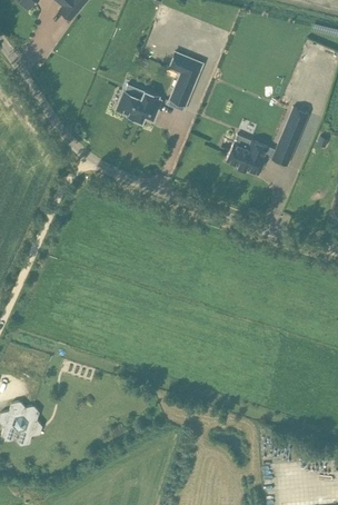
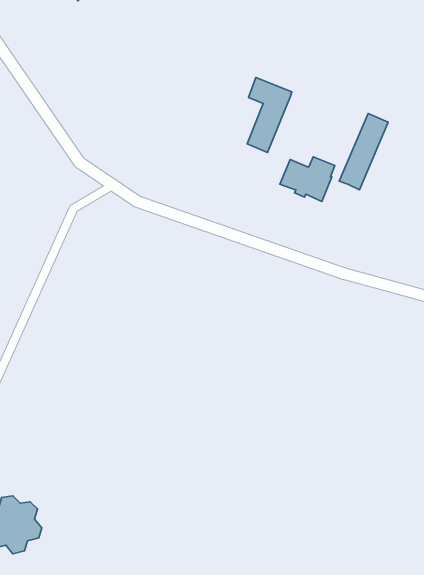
building: [168,52,202,110] -> [247,77,292,152]
building: [116,91,160,122] -> none

